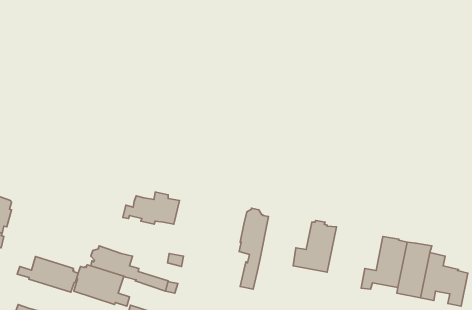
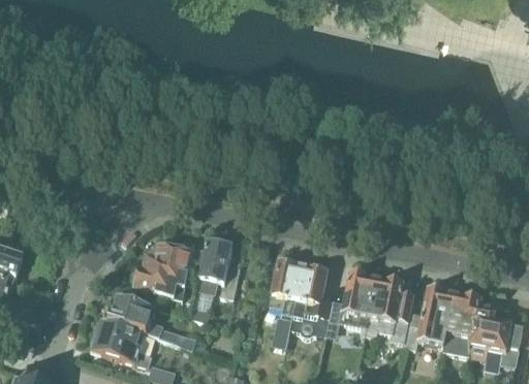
building: none -> [196,243,240,297]
building: none -> [290,265,333,337]
building: none -> [133,266,188,305]
building: none -> [366,279,412,346]
building: [17,256,78,292] -> none

